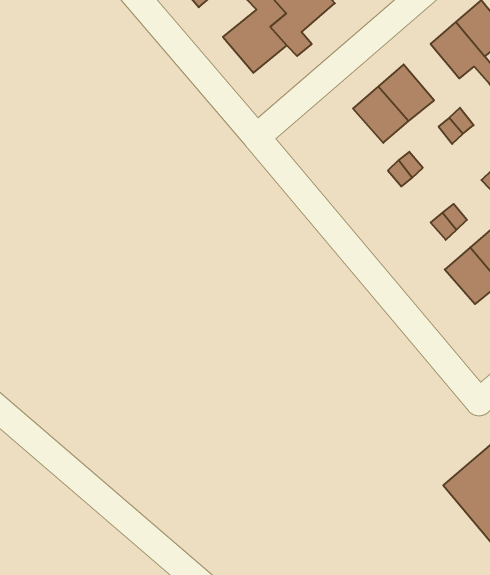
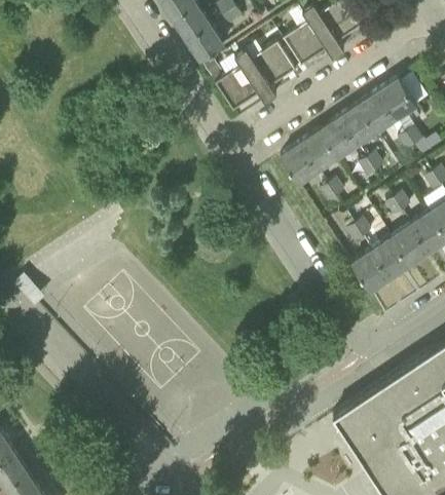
building: none -> [339,106,377,146]
building: none -> [281,145,319,185]

